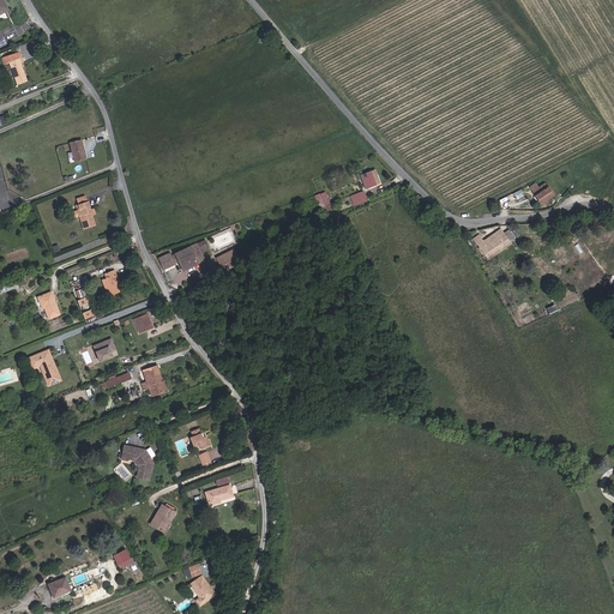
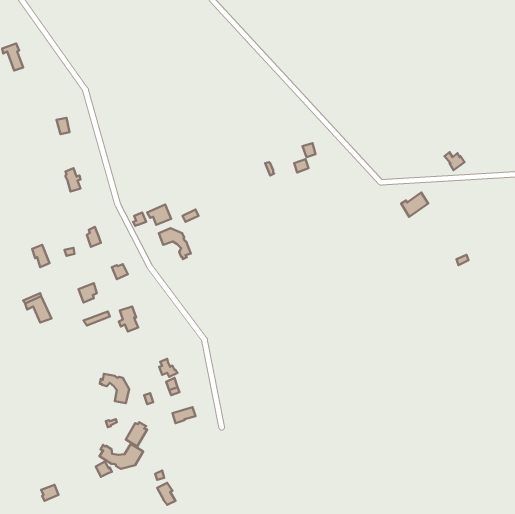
building: none -> [159,228,191,259]
building: none -> [99,444,143,469]

